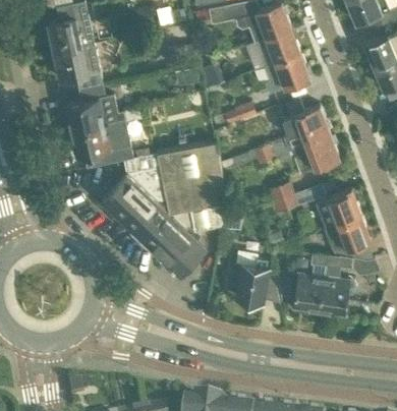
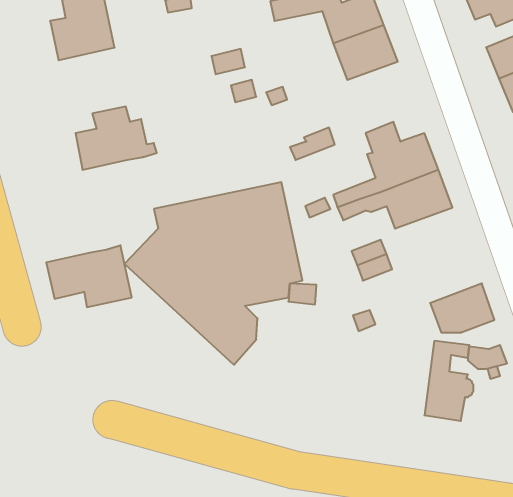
building: [54,42,103,90] -> none
building: [264,52,310,93] -> none
building: [71,118,133,163] -> [46,245,132,307]
building: [315,187,361,227] -> none
building: [235,249,269,302] -> none
building: [293,252,327,308] -> none

